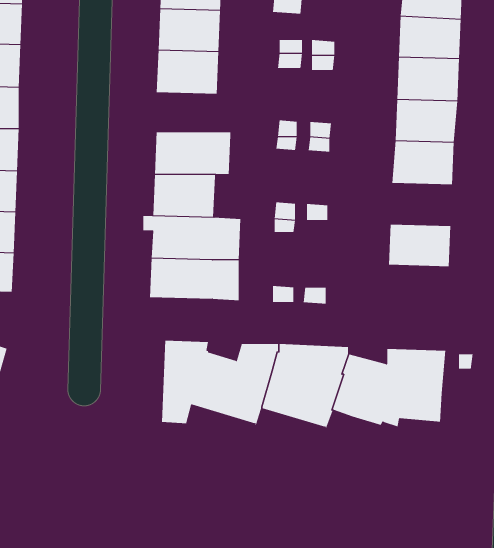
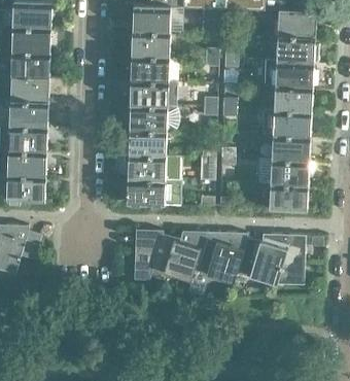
building: none -> [130,80,176,106]
building: none -> [271,135,309,161]
building: none -> [269,184,307,210]

